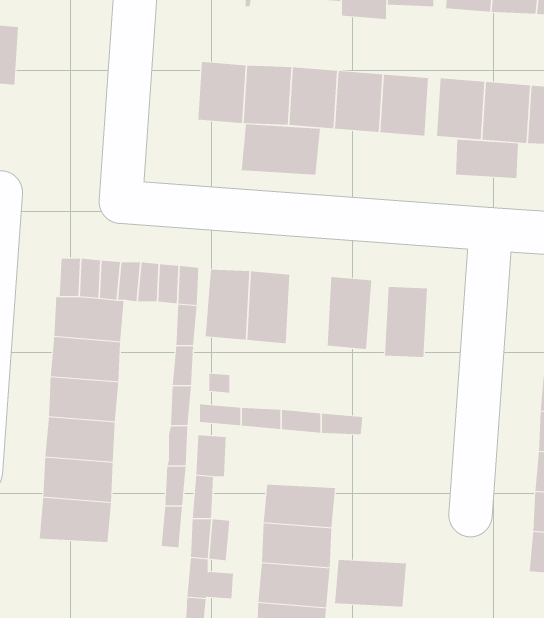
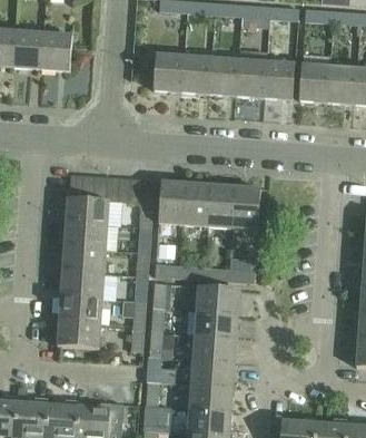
building: none -> [42,32,72,70]
building: [241,124,320,175] -> none
building: [455,139,518,179] -> none
building: [384,286,428,358] -> [208,184,235,227]
building: [334,560,407,607] -> [196,285,240,314]

